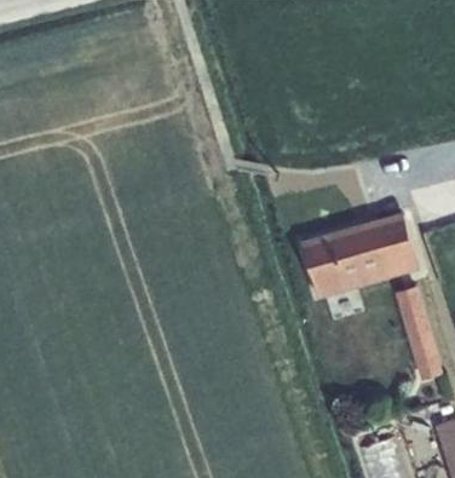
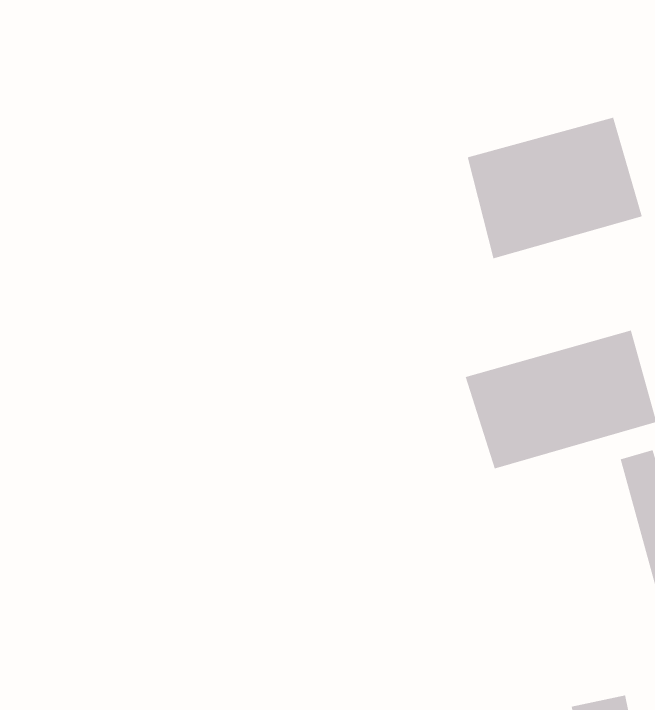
building: none -> [467,117,642,259]

